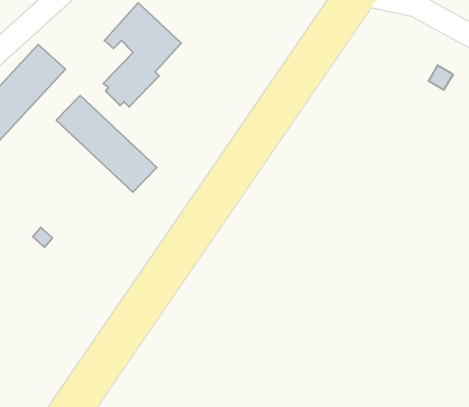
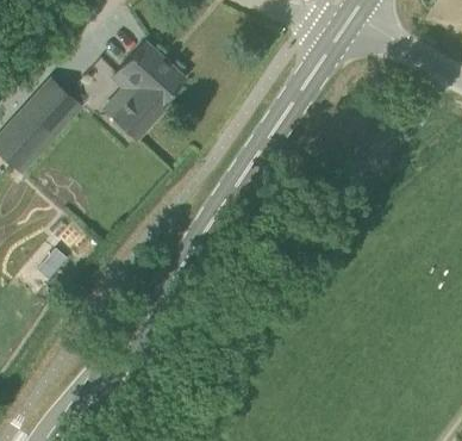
building: [56,96,157,192] -> none

